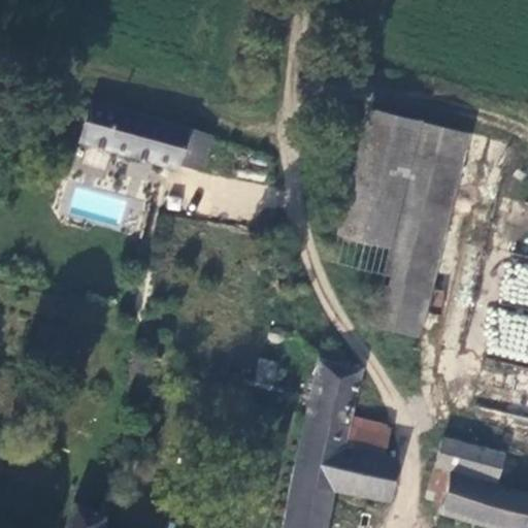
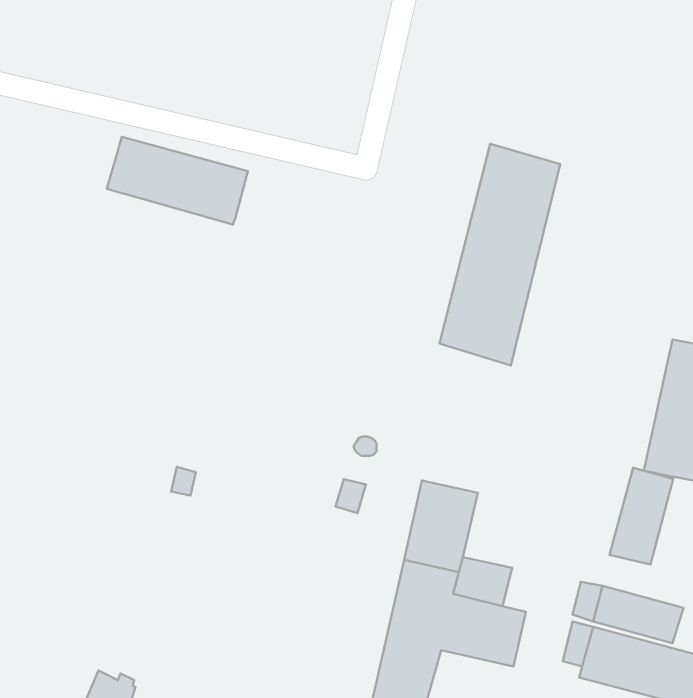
building: [376,125,470,338] -> none
building: [183,130,216,171] -> none
building: none -> [609,468,673,564]

